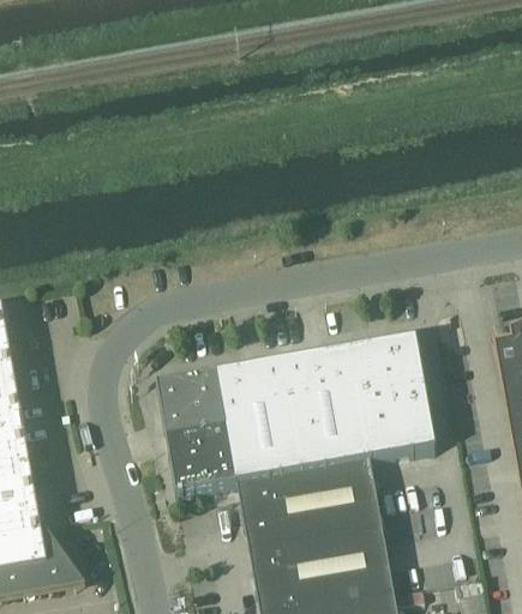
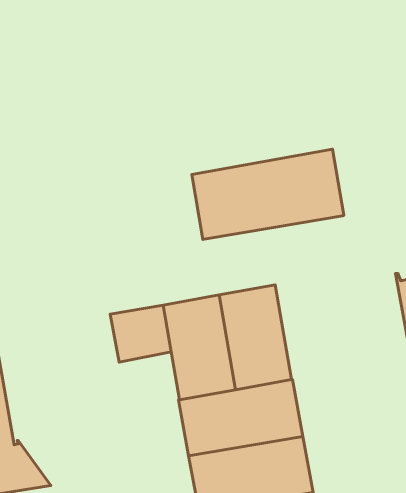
building: none -> [192,149,344,240]
building: [349,333,436,456] -> none
building: [166,423,236,490] -> none

